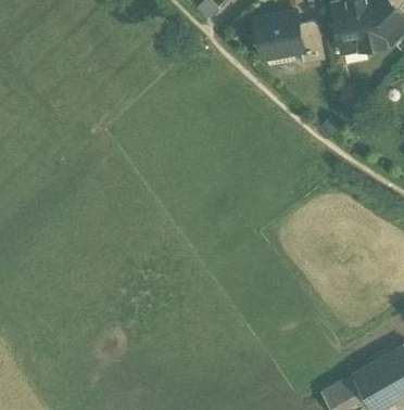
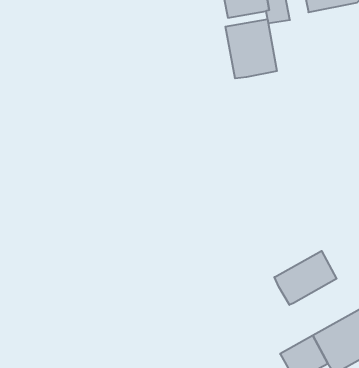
building: none -> [225,19,277,78]
building: none -> [274,251,337,305]

